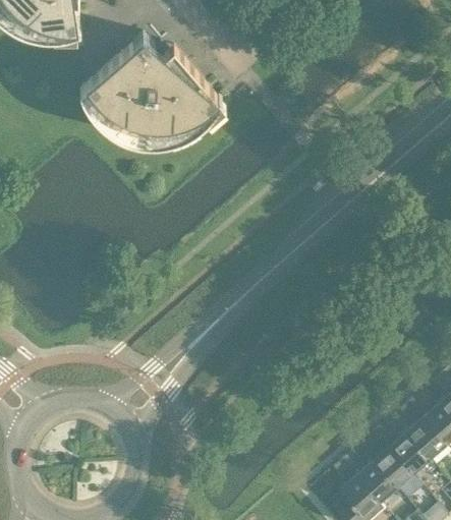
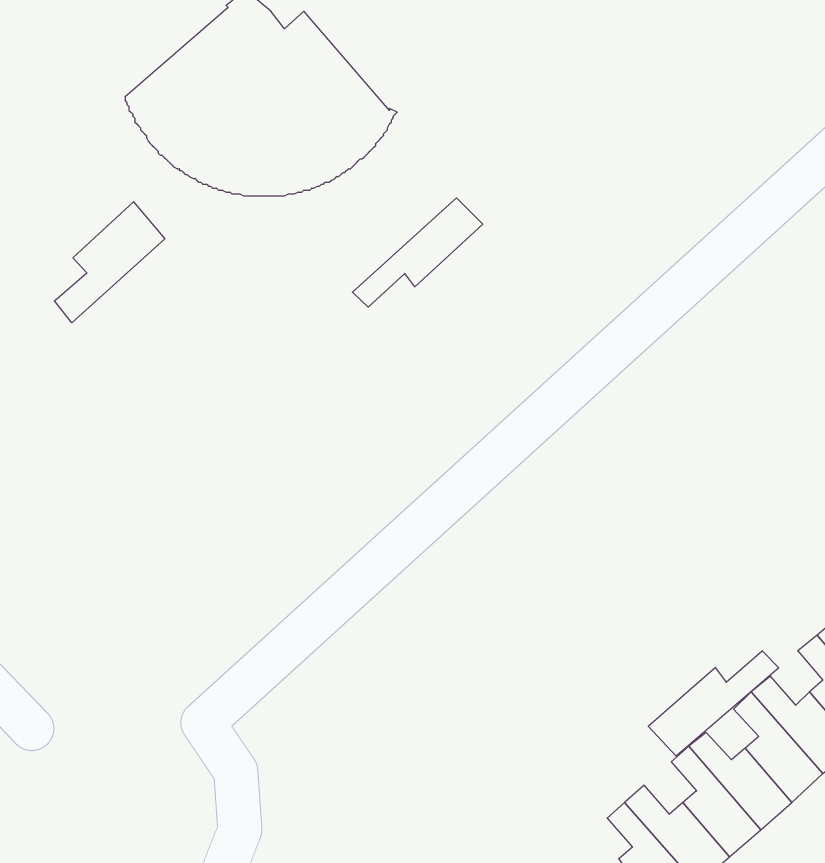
building: none -> [352,198,483,307]
building: none -> [54,202,165,323]
building: none -> [648,651,779,756]

